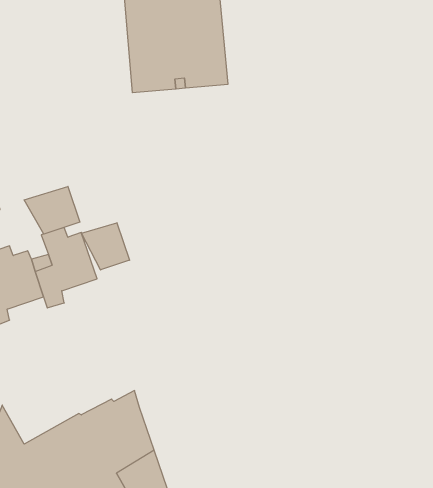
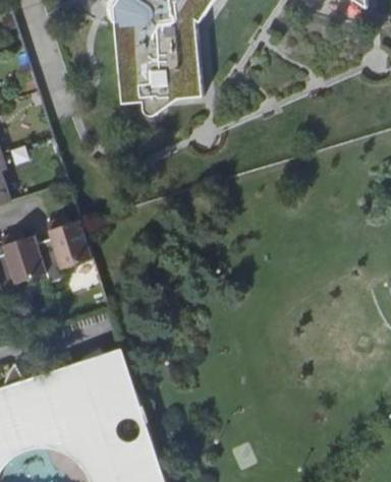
building: [24,186,80,234] -> none
building: [81,223,130,270] -> none

